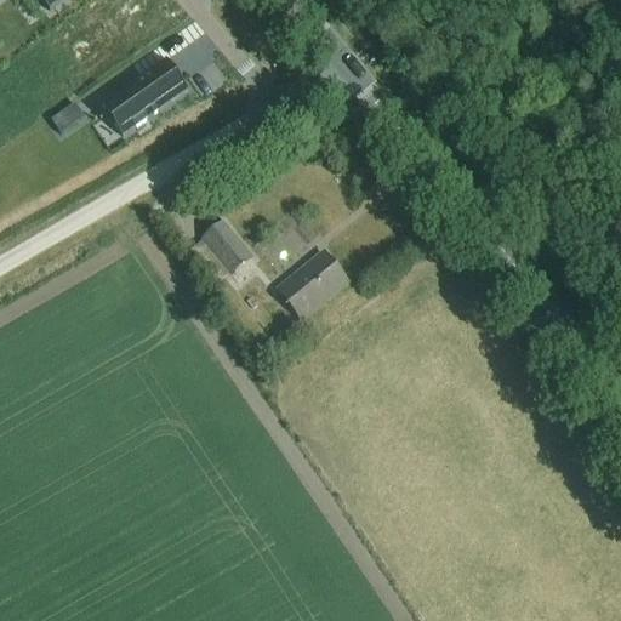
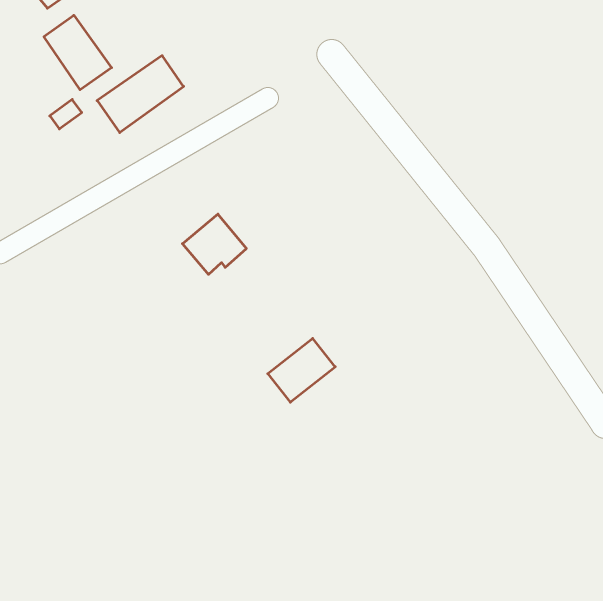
building: none -> [44,15,112,90]
building: [279,251,348,317] -> [268,338,335,402]

